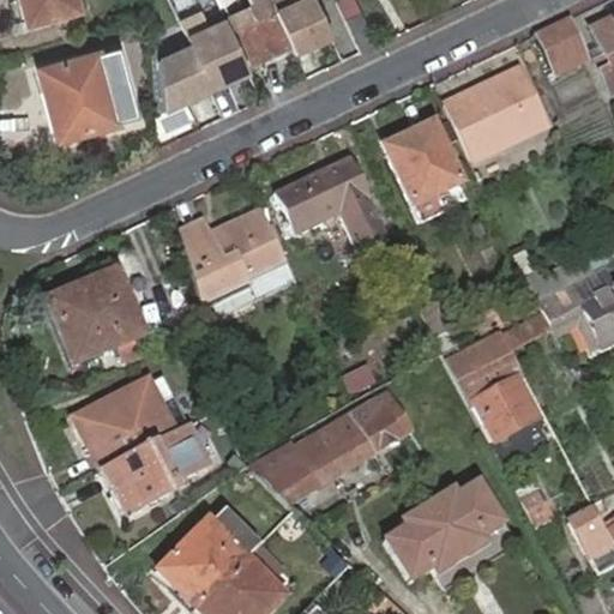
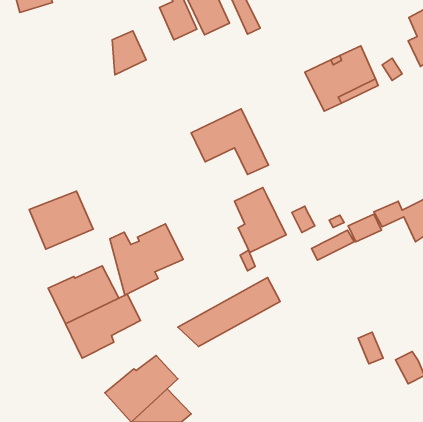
building: [182,7,251,86] -> none
building: [535,16,589,73] -> none
building: [46,48,121,133] -> none
building: [385,120,462,203] -> none
building: [182,201,288,305] -> [110,224,183,295]
building: none -> [234,188,286,253]
building: [477,362,541,434] -> none
building: [384,482,504,583] -> none

